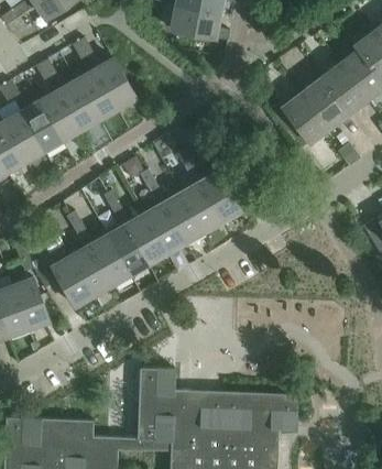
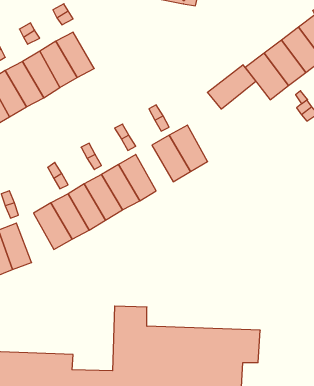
building: [94,58,135,109] -> none
building: none -> [207,65,256,109]
building: [162,193,203,242] -> none

